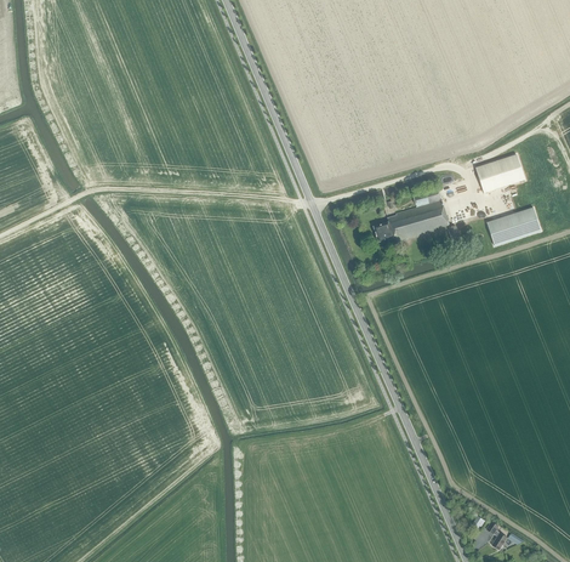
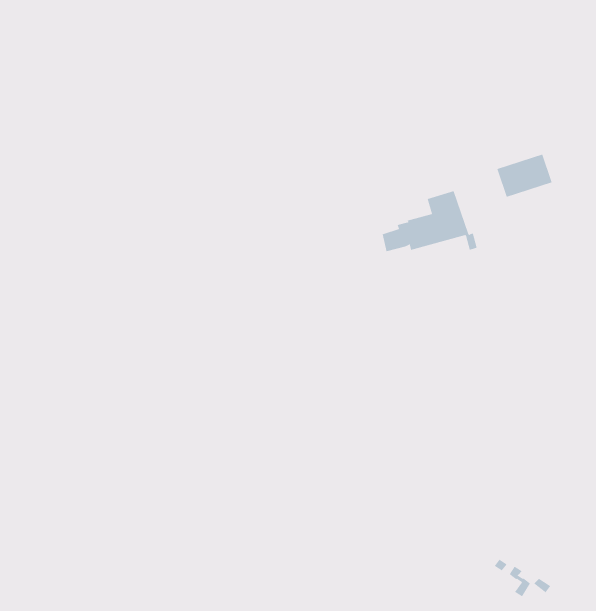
building: [485,206,540,245] -> none

